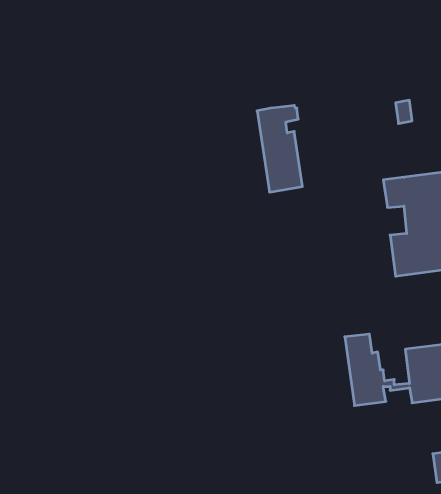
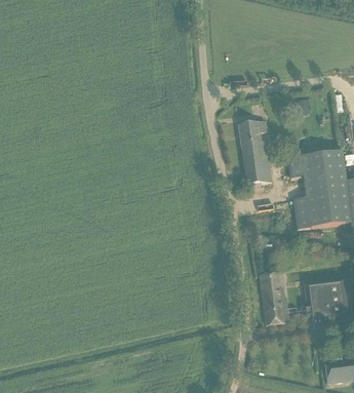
building: [257,105,302,192] -> [237,118,271,183]

